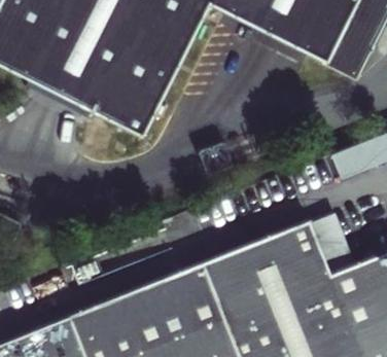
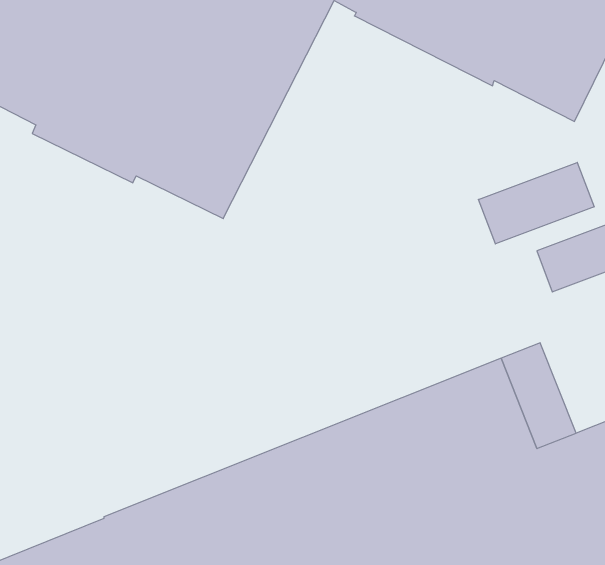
building: none -> [478,162,594,244]

